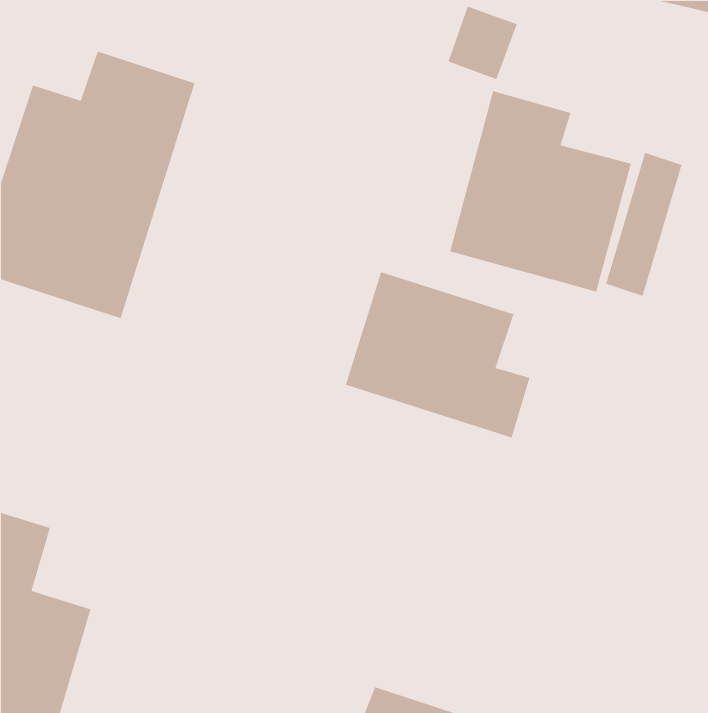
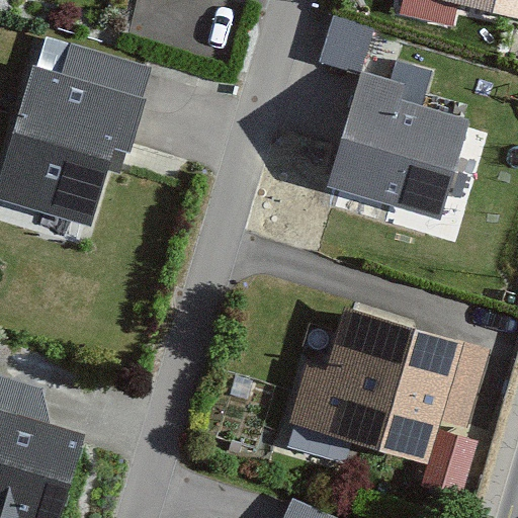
building: [345,271,531,438] -> none
building: none -> [279,311,484,472]

